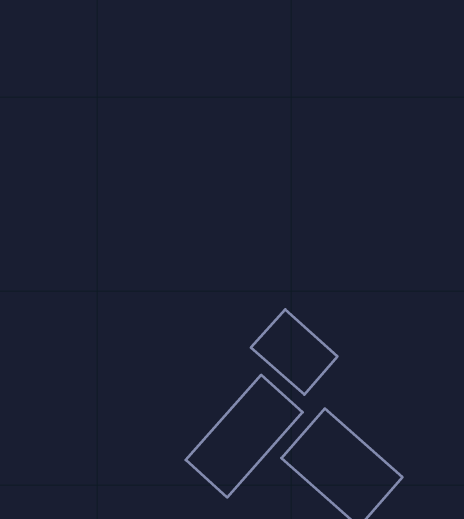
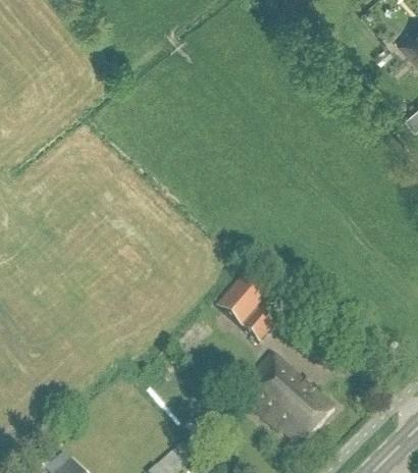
building: [186,375,303,497] -> none

